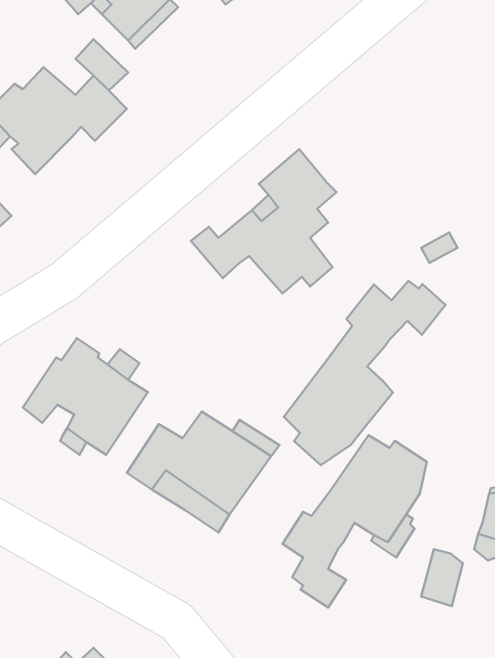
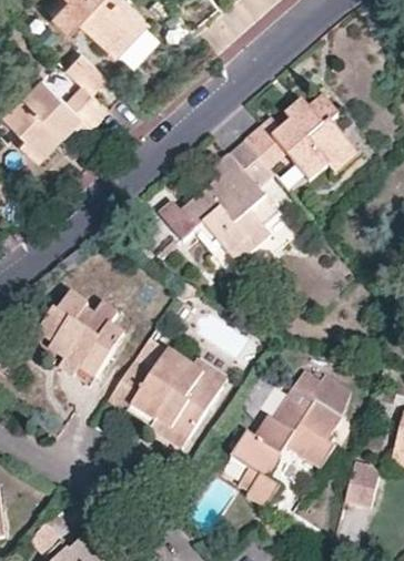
building: none -> [246,96,356,180]
building: [284,281,446,465] -> none

